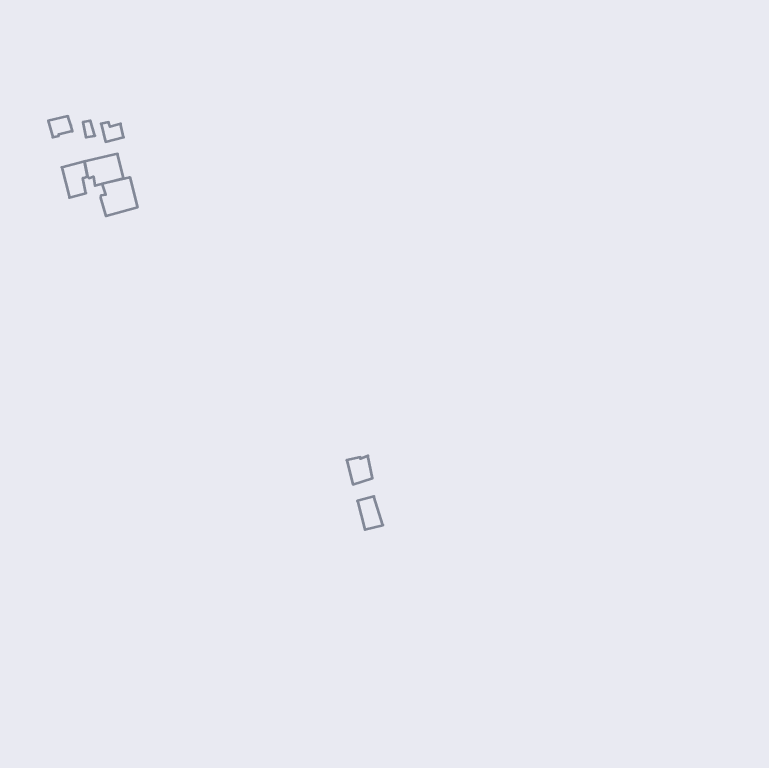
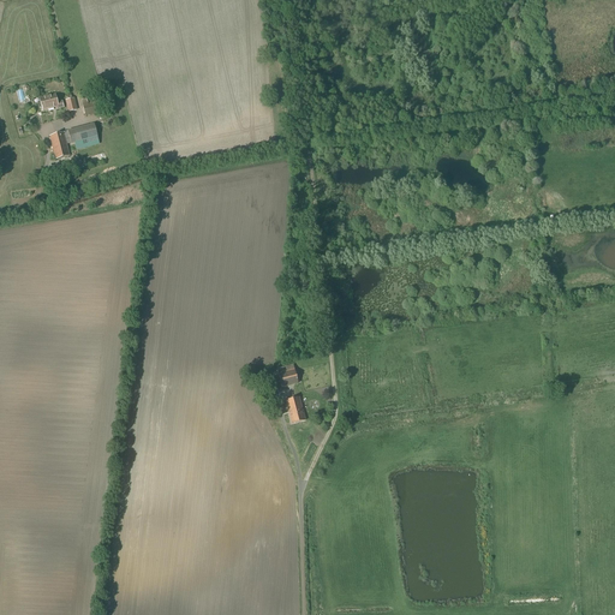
building: [101,177,137,216] -> none

